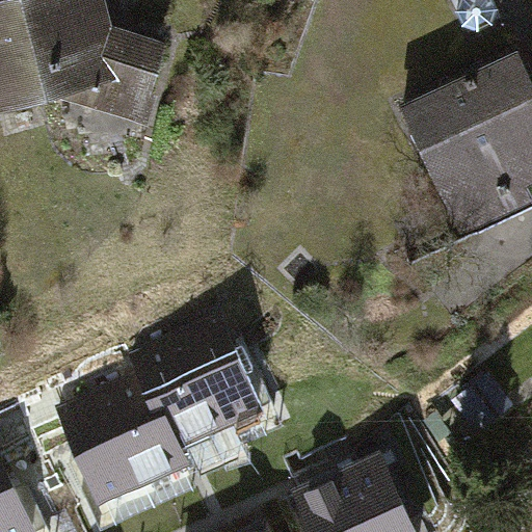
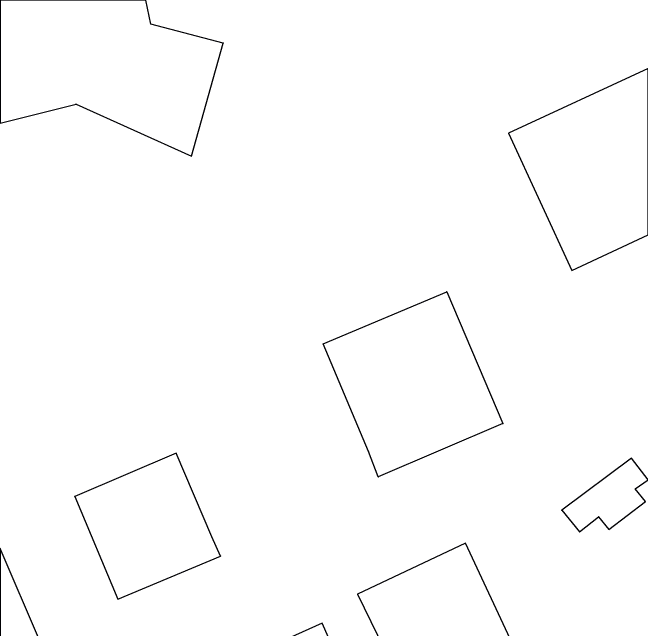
building: none -> [323,292,503,477]
building: [137,328,257,450] -> none

